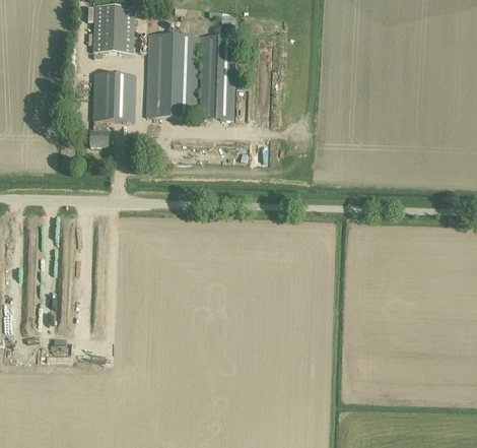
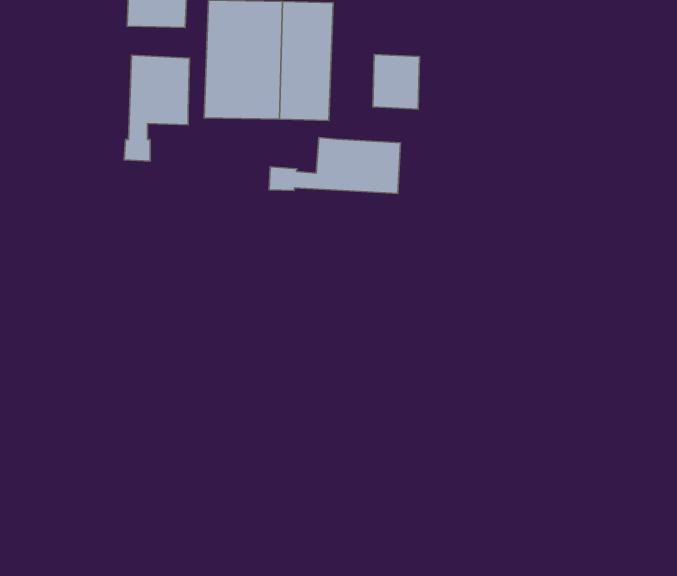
building: none -> [373,54,420,109]
building: none -> [269,138,401,193]

